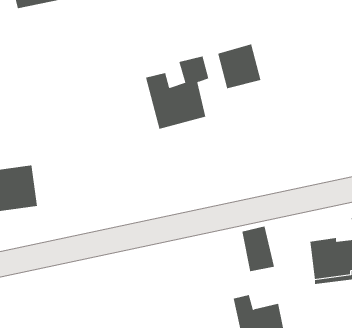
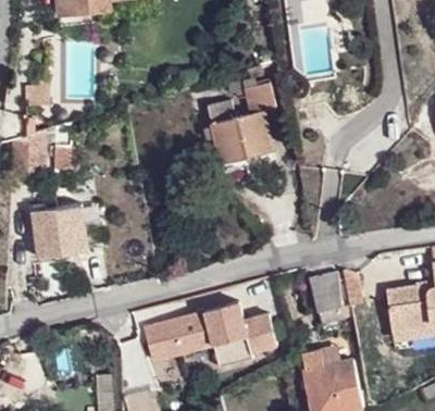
building: [217,44,261,89] -> none
building: none -> [142,302,276,362]

